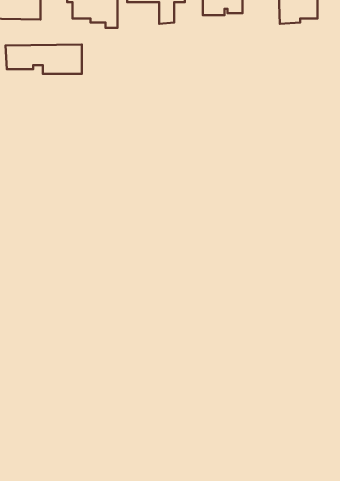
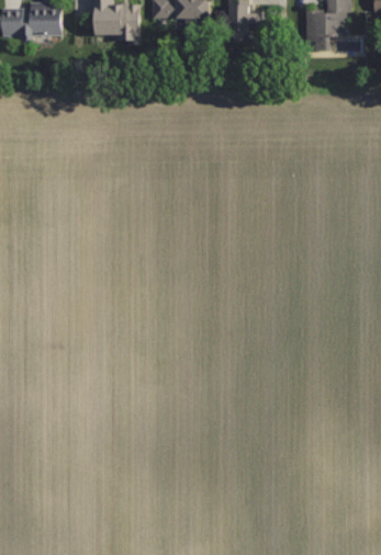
building: [5,44,82,74] -> none

